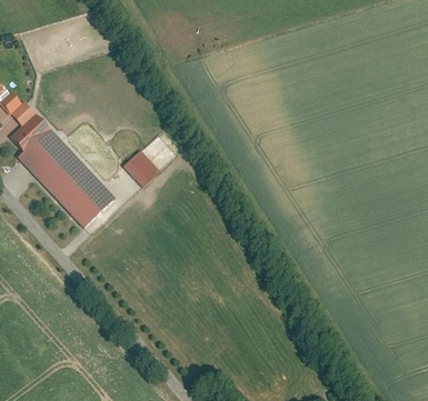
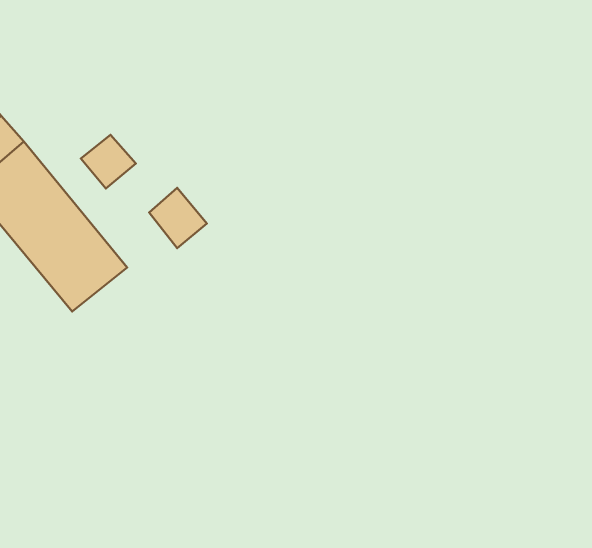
building: none -> [81,135,136,189]

